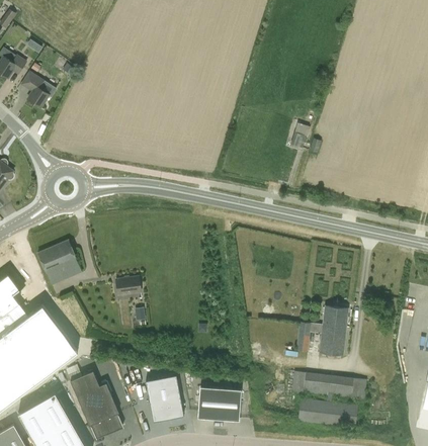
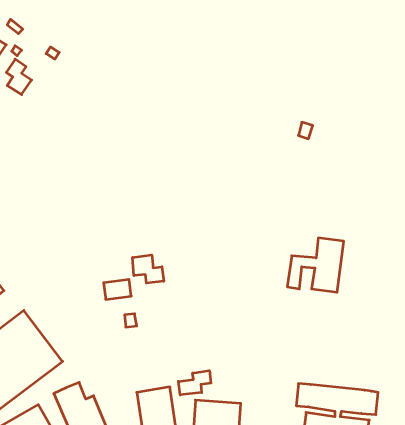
building: [36,240,82,285] -> none
building: none -> [133,255,164,283]
building: [296,306,348,356] -> [287,238,344,292]
building: none -> [178,371,211,395]

